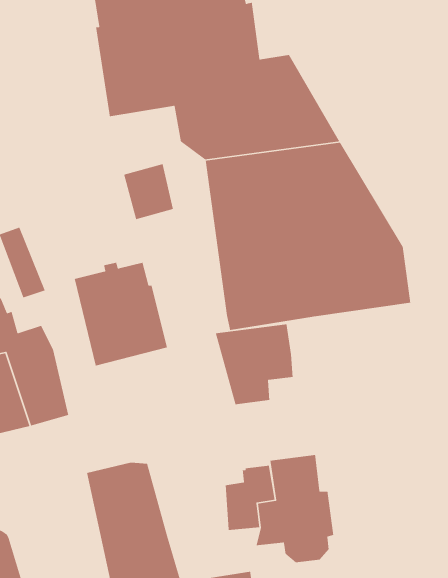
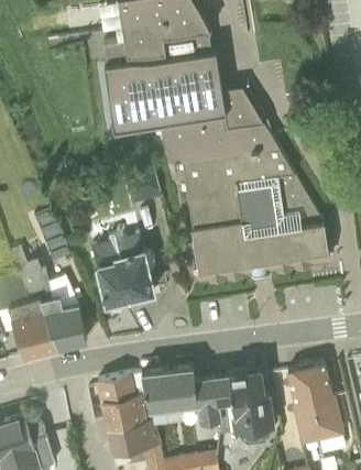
building: [215,324,293,405] -> [141,369,197,427]
building: none -> [287,364,343,447]

